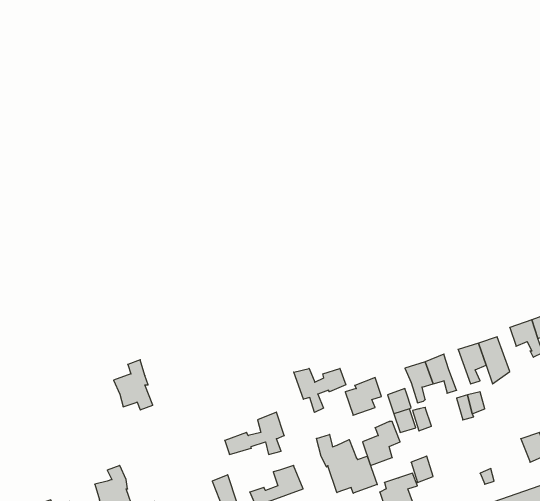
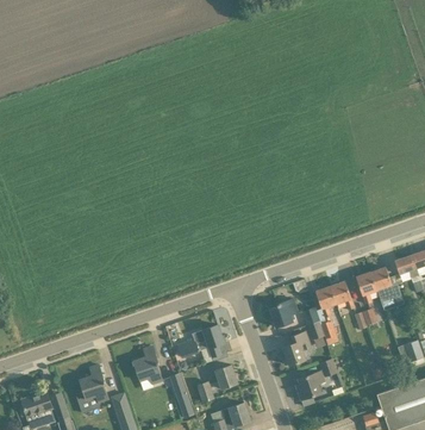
building: [114,360,153,410] -> [133,347,163,385]
building: [294,368,346,412] -> none
building: [316,434,377,493] -> none

